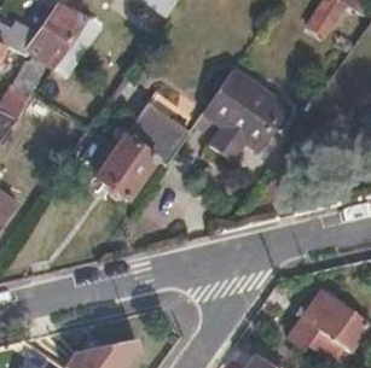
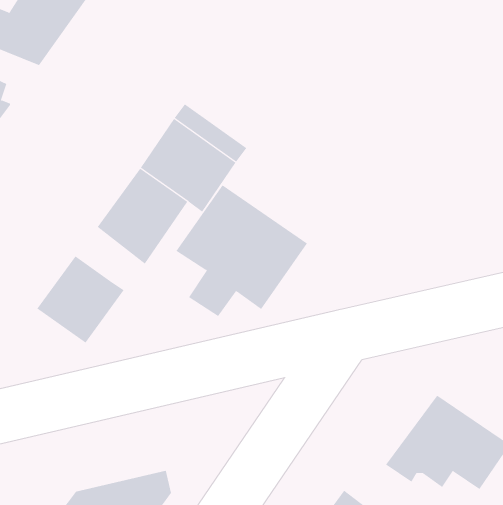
building: [199,71,289,160] -> [175,185,308,317]
building: none -> [36,255,125,343]

